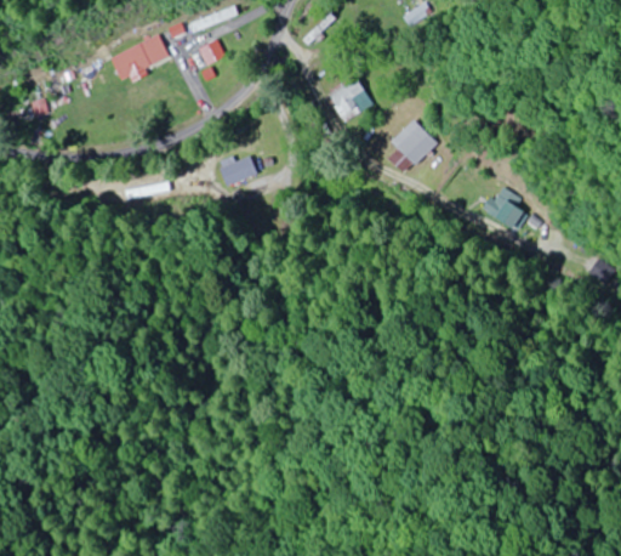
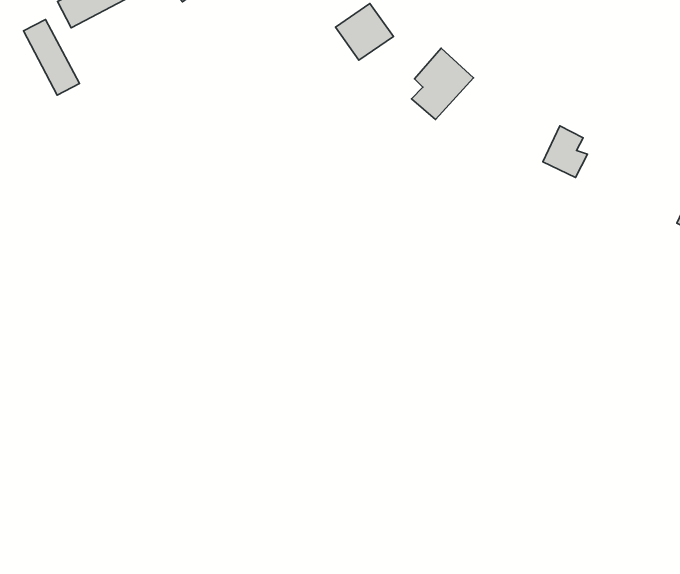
building: none -> [24,20,79,95]
building: [221,152,258,186] -> none

